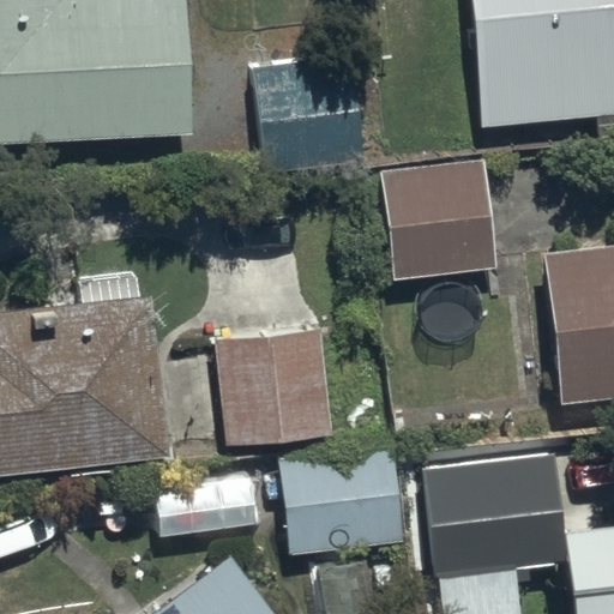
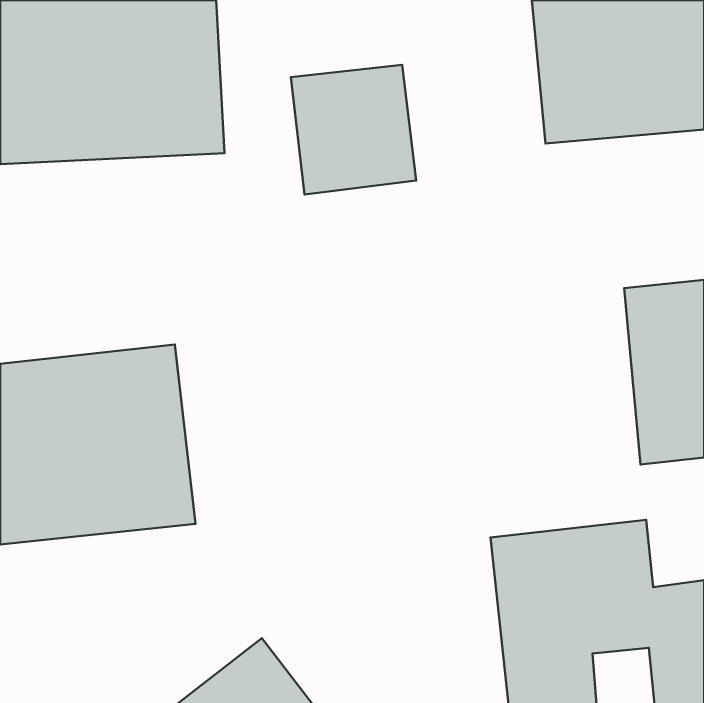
building: [378,159,495,279] -> none
building: [211,329,330,447] -> none
building: [278,447,404,558] -> none

